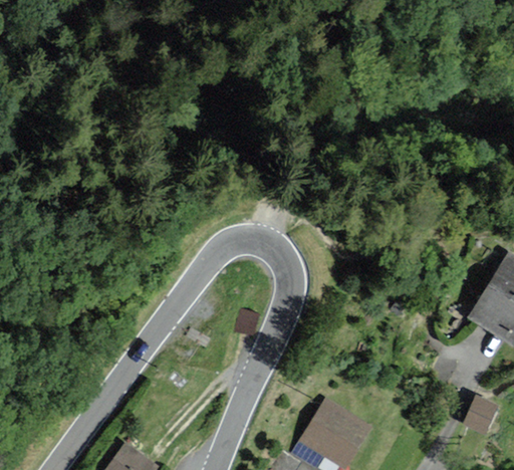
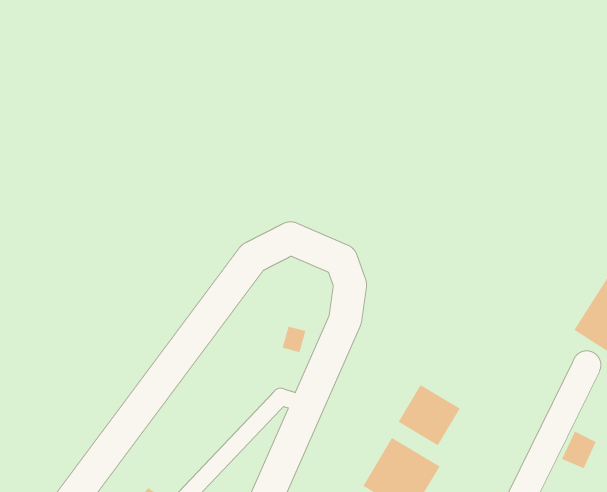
building: none -> [398,384,461,446]

